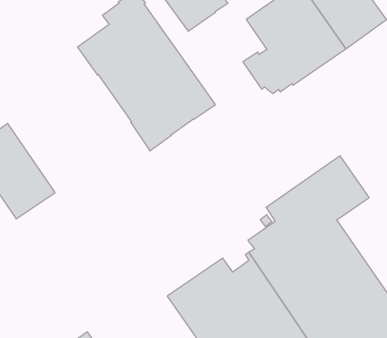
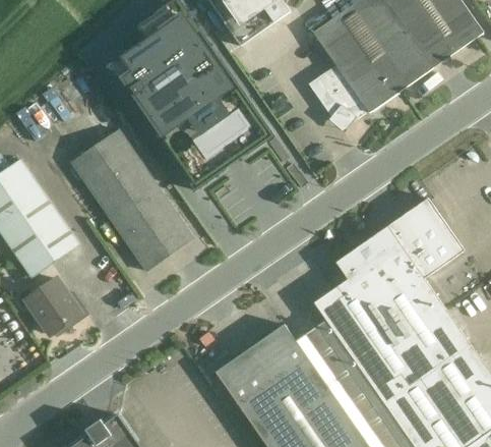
building: none -> [70,129,192,271]
building: none -> [25,279,88,337]

